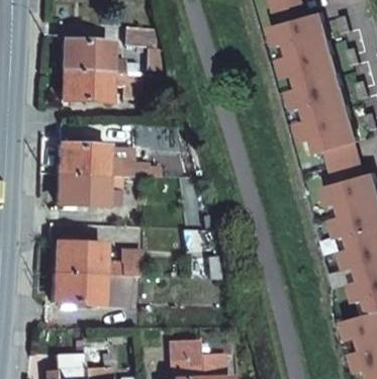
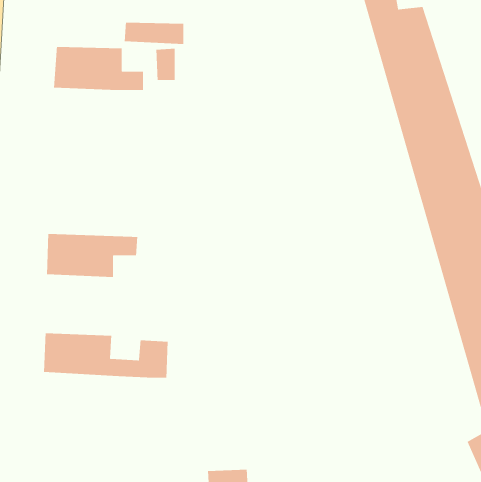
building: [57,72,137,101] -> none
building: [54,146,146,177] -> none
building: [49,272,128,304] -> none

